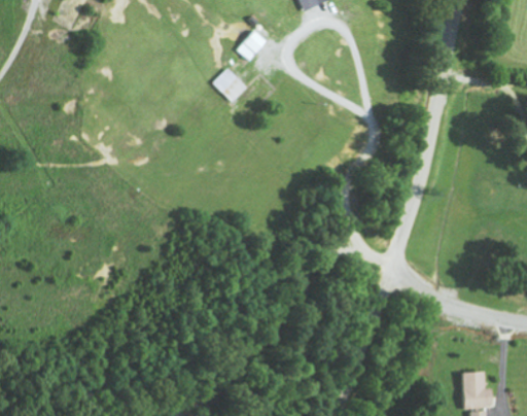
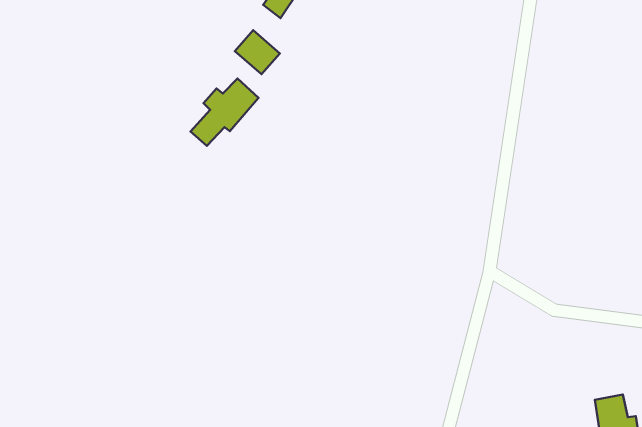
building: none -> [190,78,258,146]

